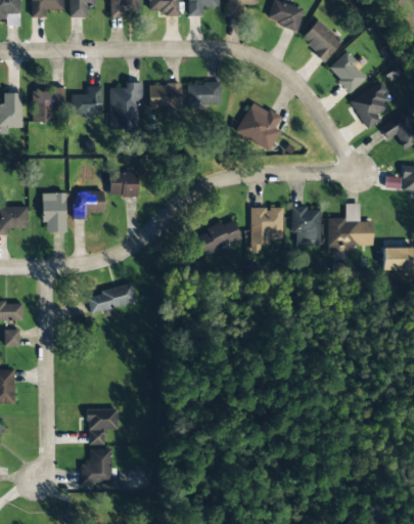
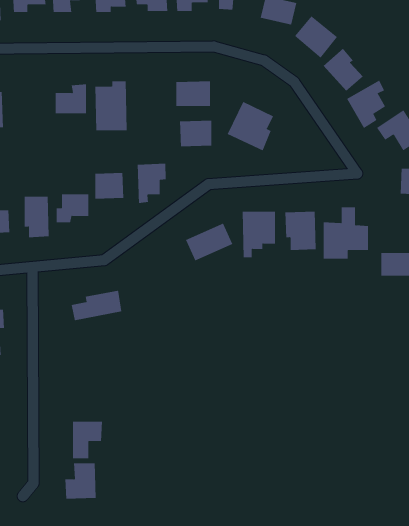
building: [149,84,181,110] -> [179,120,212,147]
building: [32,89,64,122] -> none
building: none -> [137,163,166,204]

